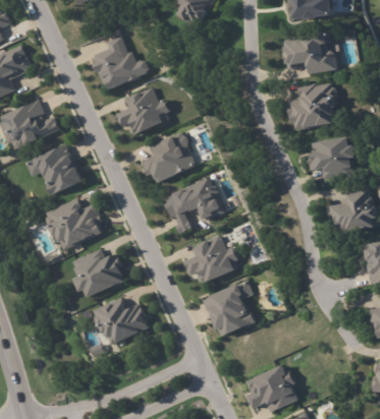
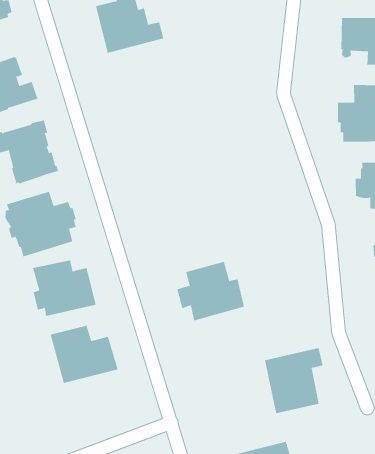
building: [118,87,170,136] -> none
building: [142,131,196,181] -> none
building: [165,180,224,235] -> none
building: [206,281,253,336] -> [264,348,323,414]

